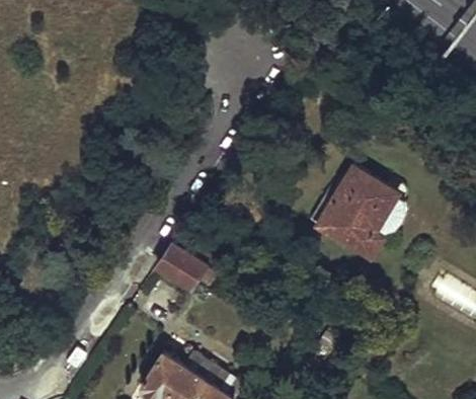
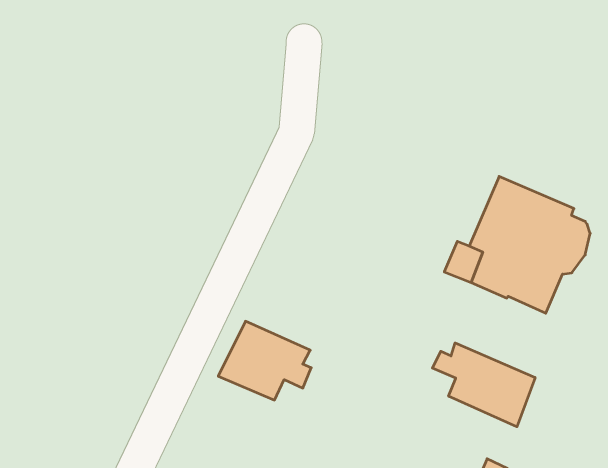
building: none -> [432,343,535,427]

